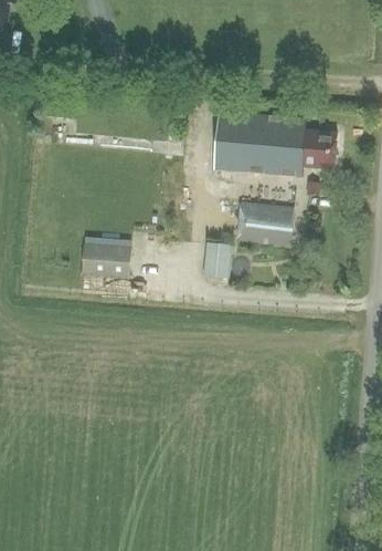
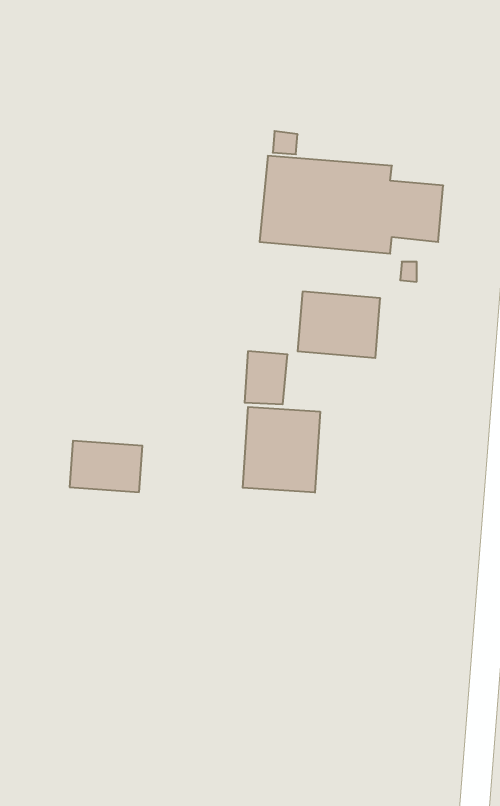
building: [82,242,130,277] -> [70,441,142,492]
building: none -> [243,407,320,493]

